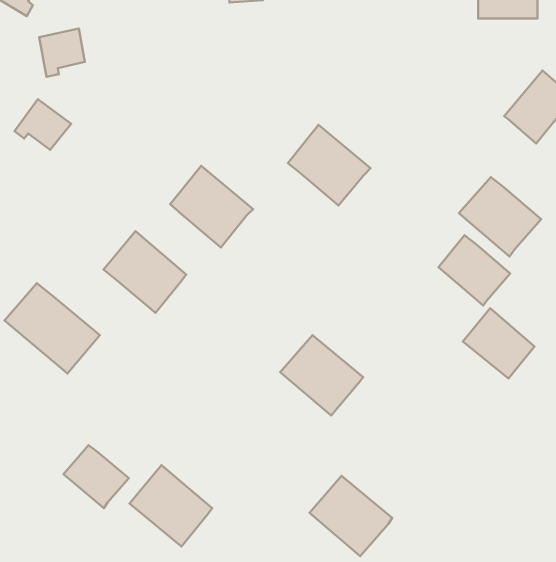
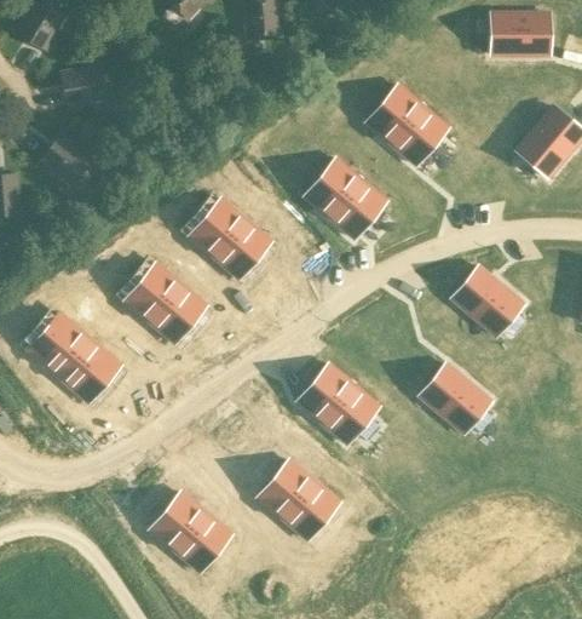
building: none -> [368,84,449,164]
building: [459,177,541,256] -> none
building: [463,308,535,379] -> [421,362,491,431]
building: [63,445,129,508] -> none
building: [309,476,392,556] -> [259,459,340,538]

